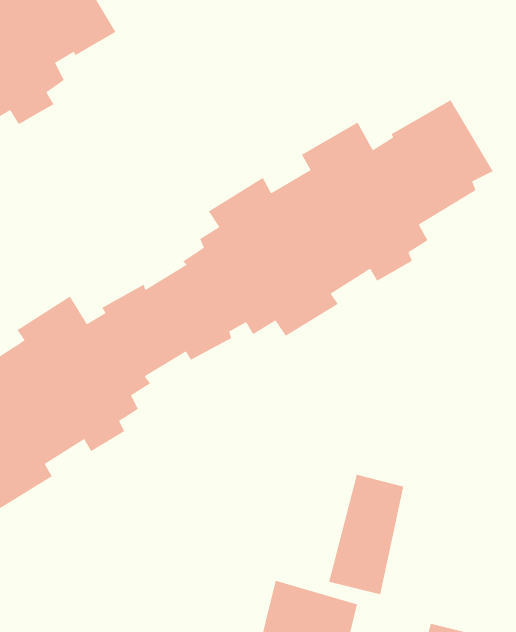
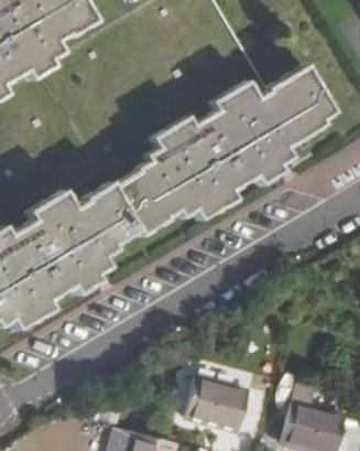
building: [328,474,404,595] -> none

